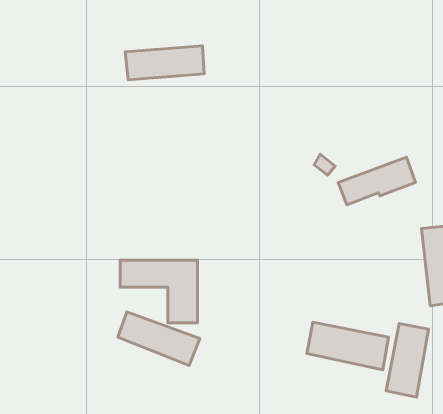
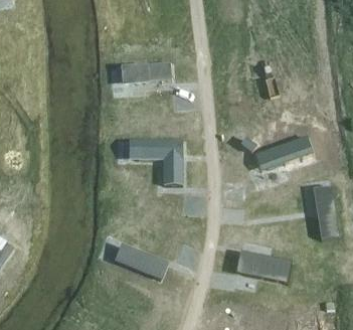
building: [120,260,198,323] -> [129,140,181,182]
building: [386,323,429,397] -> none

